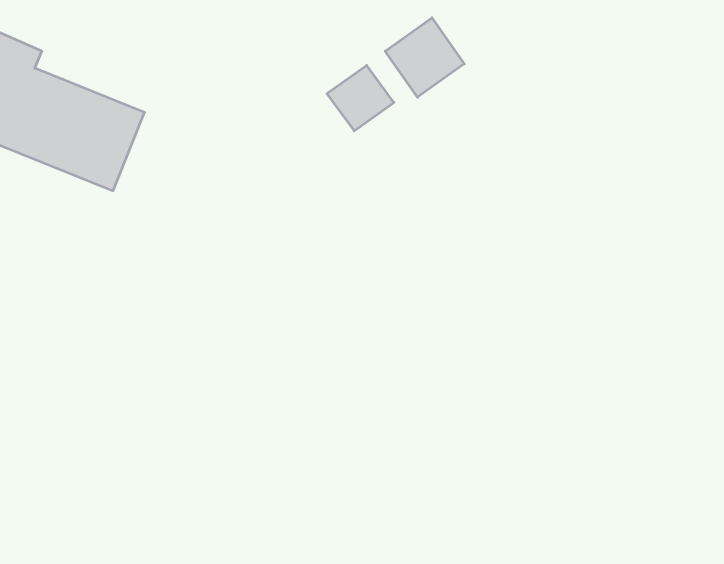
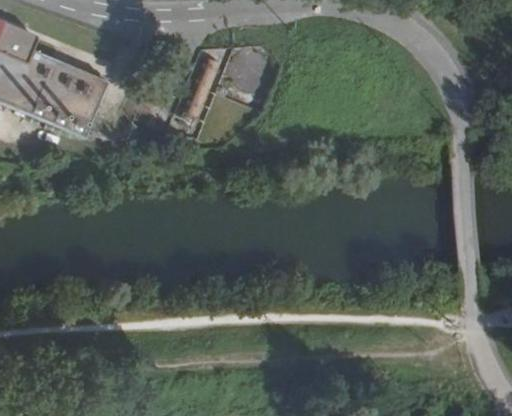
building: [385,18,464,97] -> none

